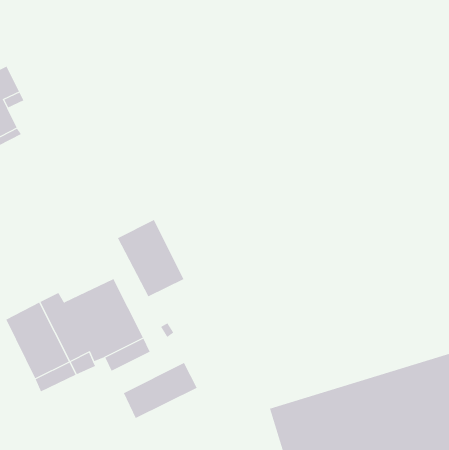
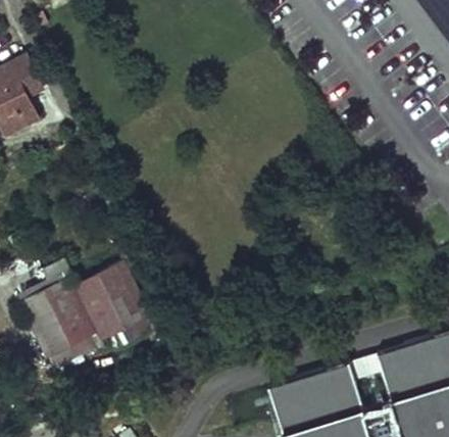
building: [117,219,184,297] -> none
building: [123,362,197,419] -> none

